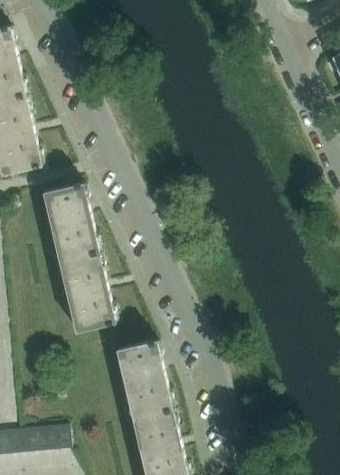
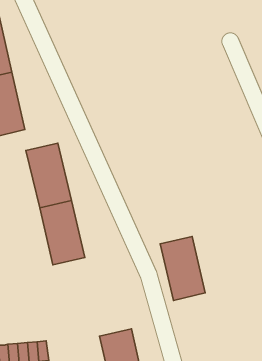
building: [116,340,171,418] -> [160,237,205,300]

